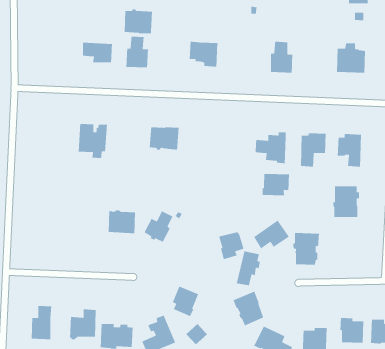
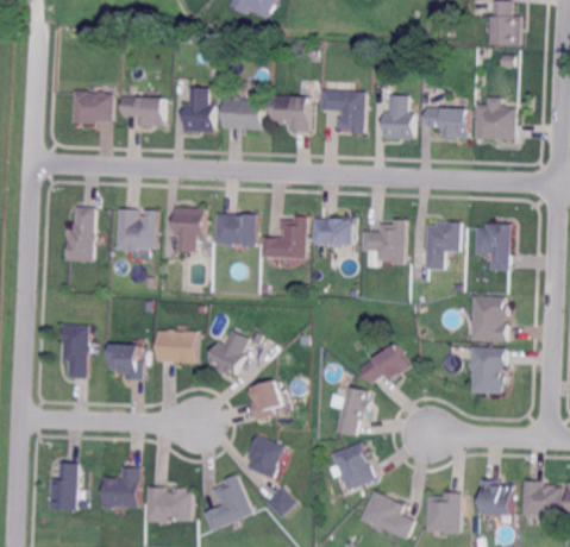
building: [124,9,153,34] -> [221,94,262,130]
building: none -> [70,89,112,122]
building: none -> [320,89,365,133]
building: none -> [425,106,469,138]
building: none -> [64,206,94,262]
building: none -> [173,206,203,251]
building: none -> [259,215,306,258]
building: none -> [312,218,353,247]
building: [262,173,290,196] -> none
building: none -> [61,325,89,378]
building: none -> [108,342,143,379]
building: [218,231,245,260] -> [246,379,283,420]
building: [292,232,320,266] -> [468,346,506,392]

